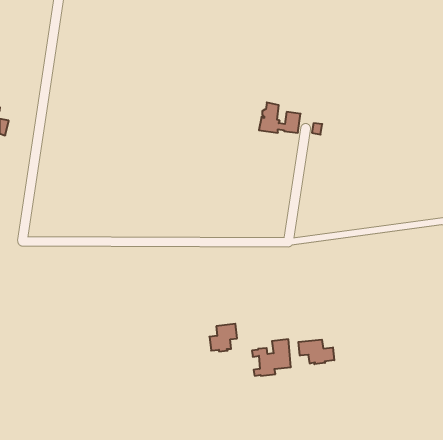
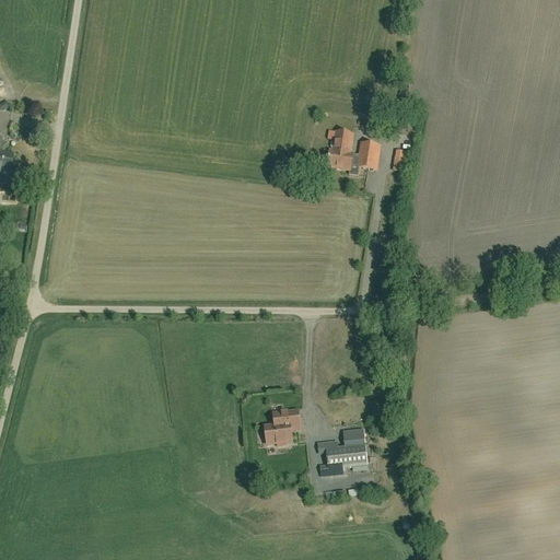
building: [298,340,334,364] -> none

